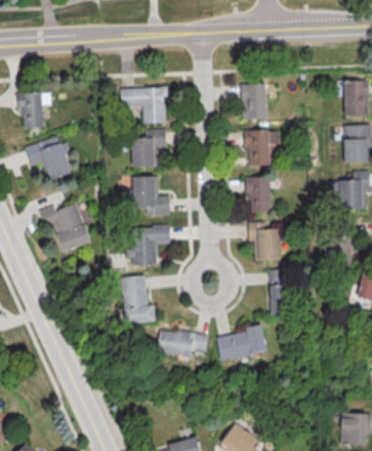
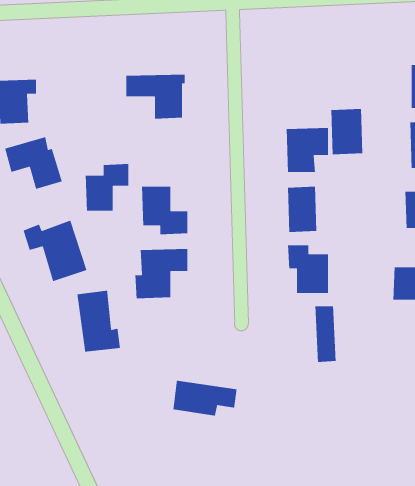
building: [241,83,266,120] -> [331,108,363,155]
building: [131,129,166,167] -> [85,163,129,211]
building: [120,275,155,324] -> [77,290,121,352]
building: [216,324,266,360] -> none

